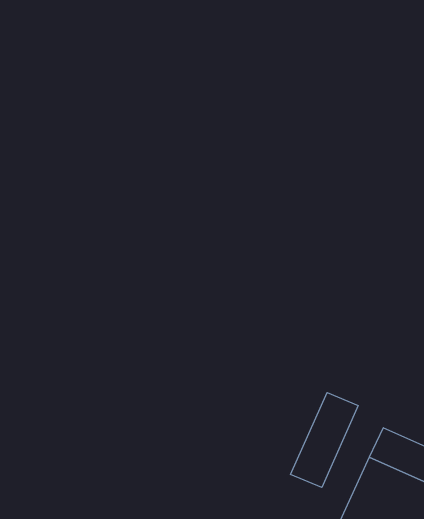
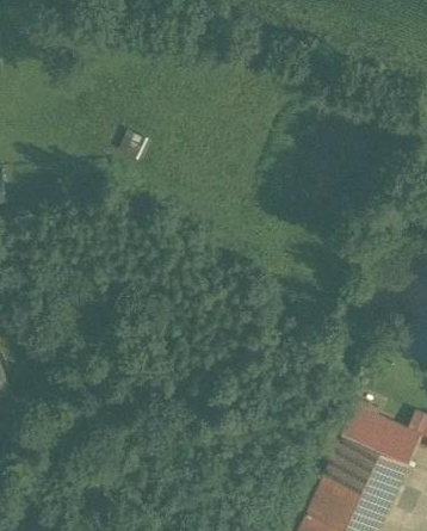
building: [290,393,358,487] -> none

